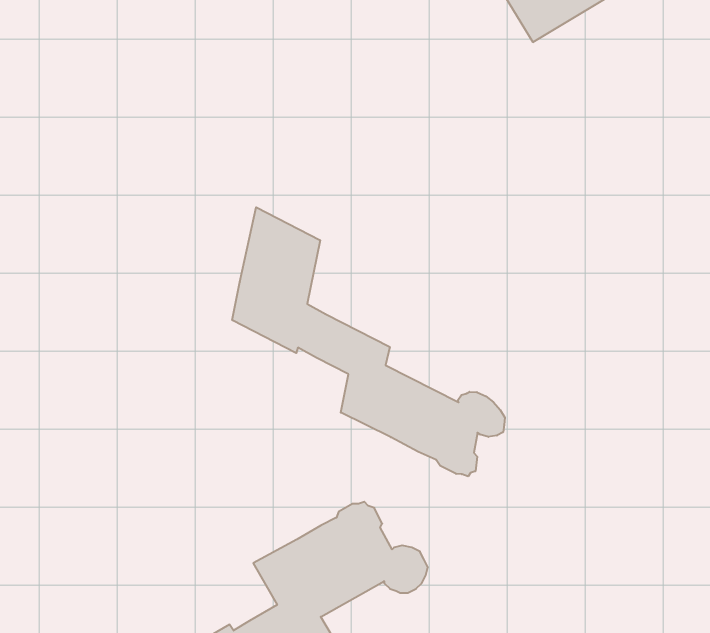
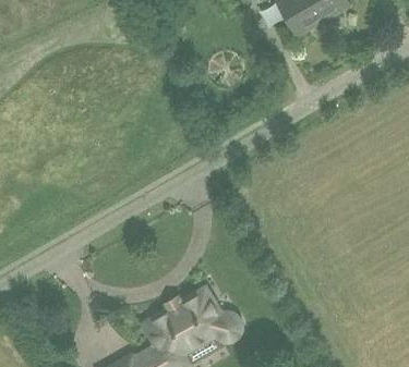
building: [232,207,505,476] -> none

